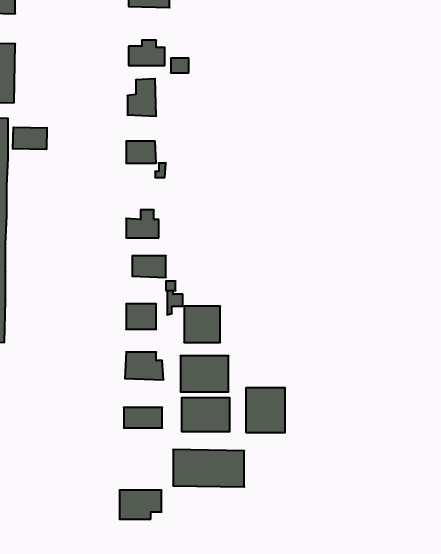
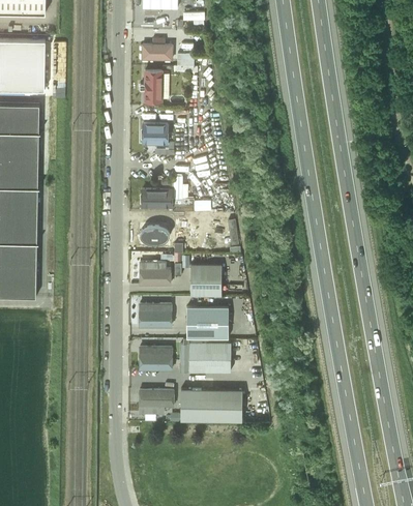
building: [13,127,47,149] -> none
building: [246,388,285,433] -> none
building: [119,490,162,519] -> [140,388,176,413]

